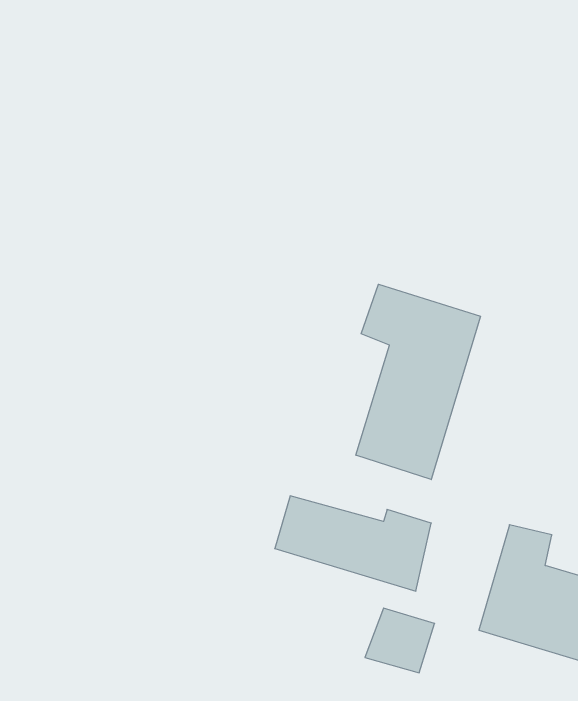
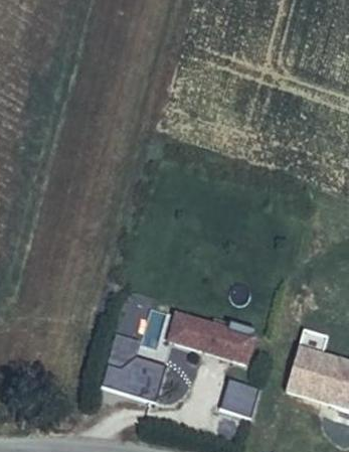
building: [356,284,480,480] -> none
building: none -> [104,333,165,402]

